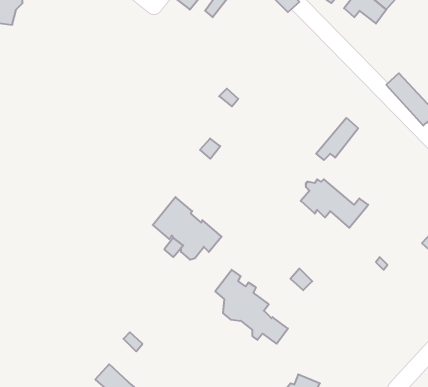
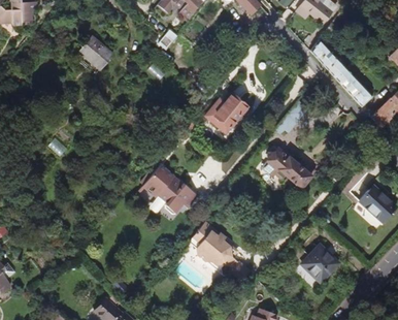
building: none -> [80,33,112,64]
building: none -> [310,38,341,72]
building: none -> [204,92,247,133]
building: none -> [302,244,338,281]

